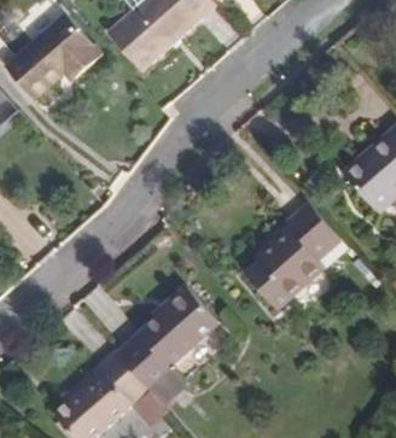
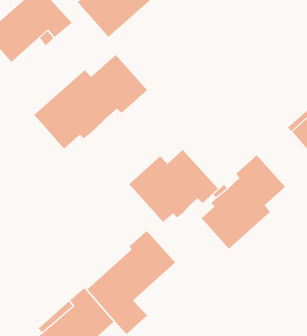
building: none -> [33,54,148,150]
building: none -> [129,149,219,223]

